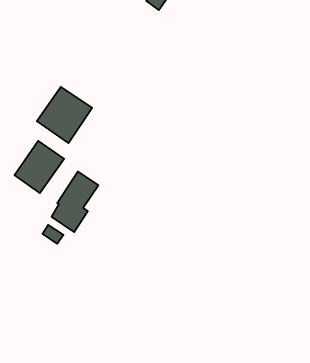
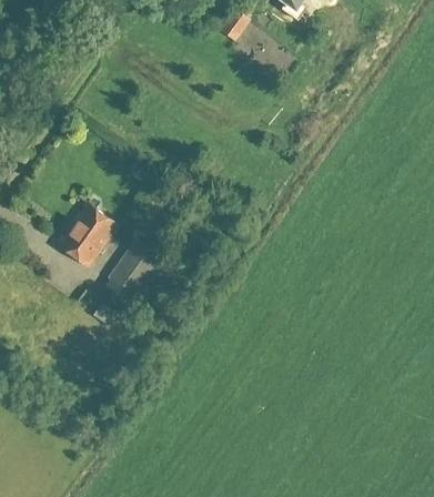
building: [37,87,92,143] -> none

